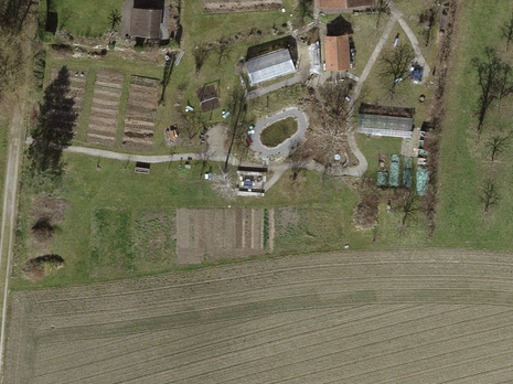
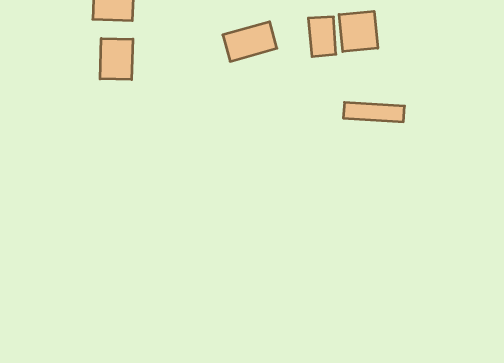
building: none -> [339,11,378,52]
building: none -> [100,38,133,80]

